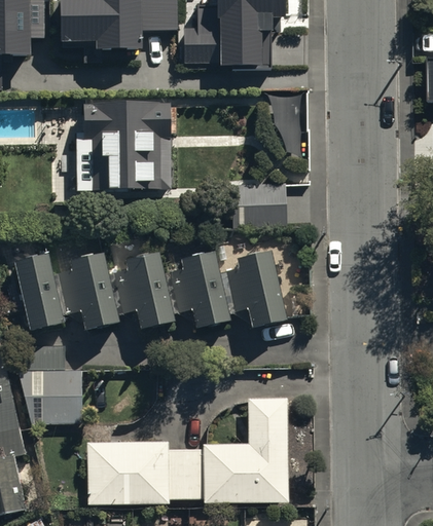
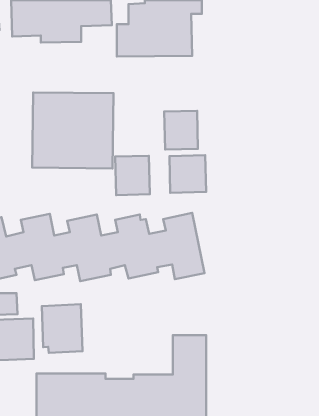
building: none -> [164,111,198,150]
building: none -> [115,156,150,195]
building: none -> [42,304,82,353]

